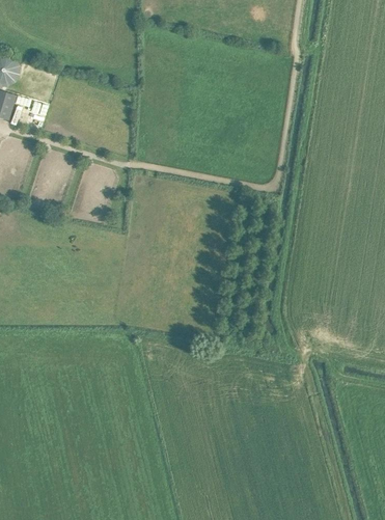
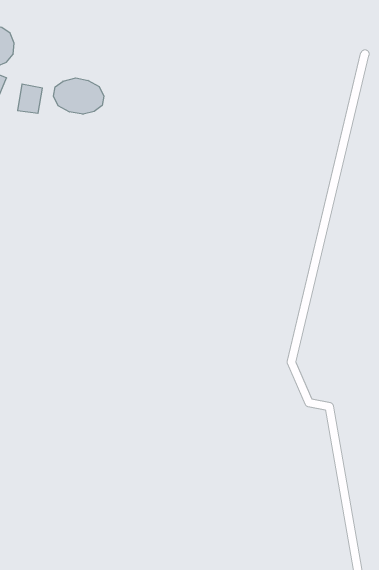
building: none -> [53,78,104,114]

